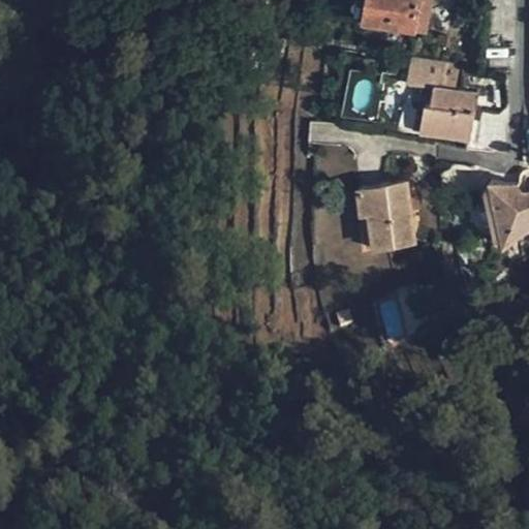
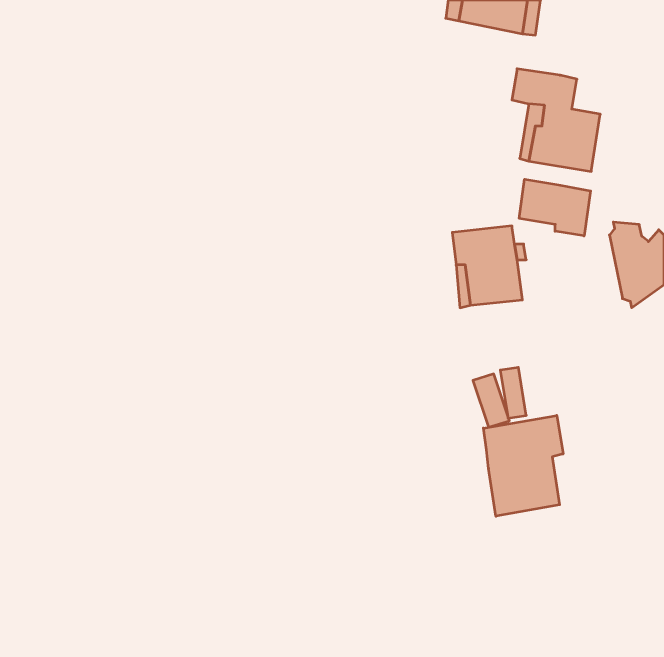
building: none -> [519,179,591,236]
building: none -> [483,415,563,516]

